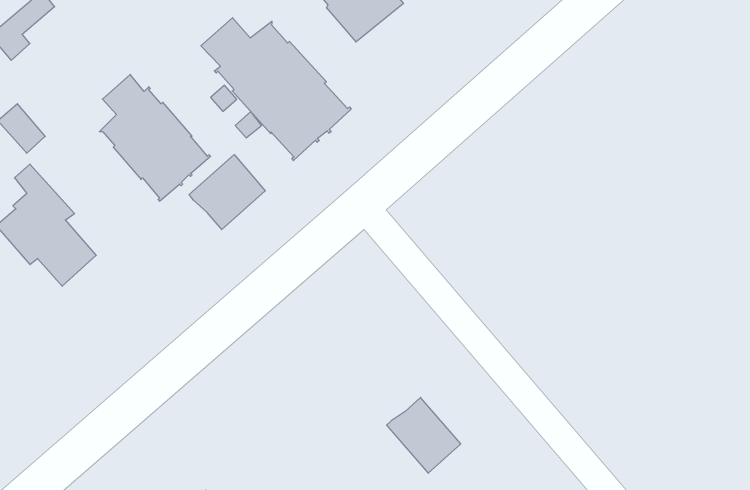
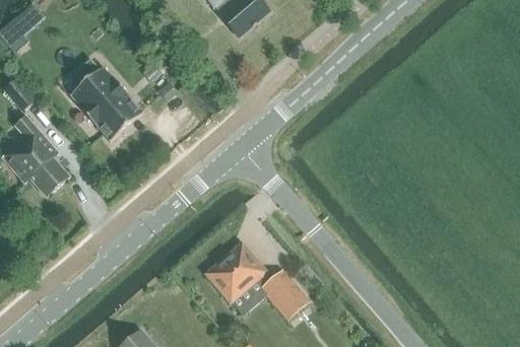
building: [201,18,351,161] -> none
building: [189,155,265,230] -> none
building: none -> [205,246,271,317]

